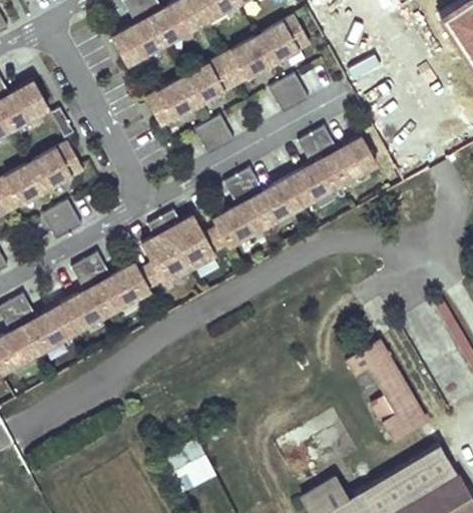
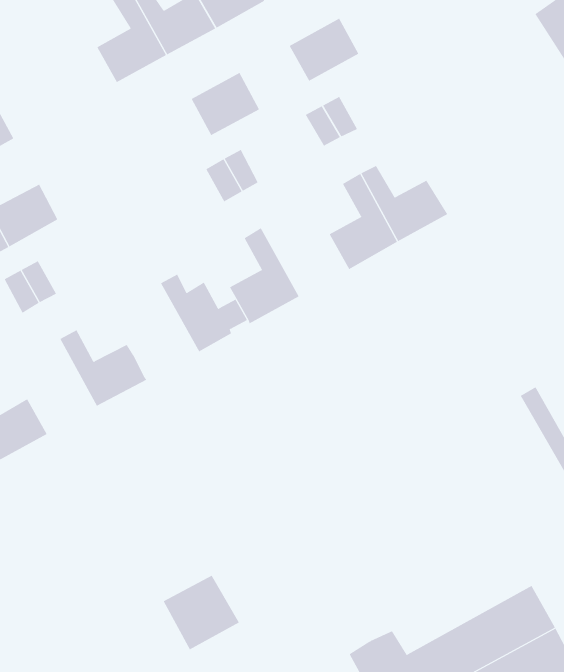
building: [220,37,273,85] -> none
building: [145,77,198,126] -> none
building: [236,167,303,226] -> none
building: [140,216,189,287] -> none
building: [60,259,112,331] -> none
building: [347,340,428,440] -> none

